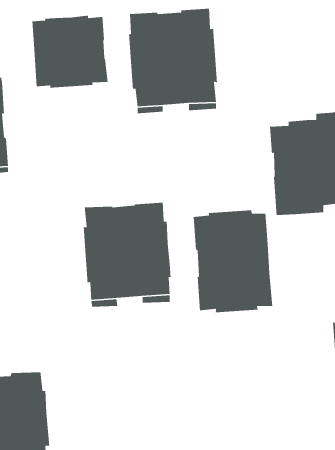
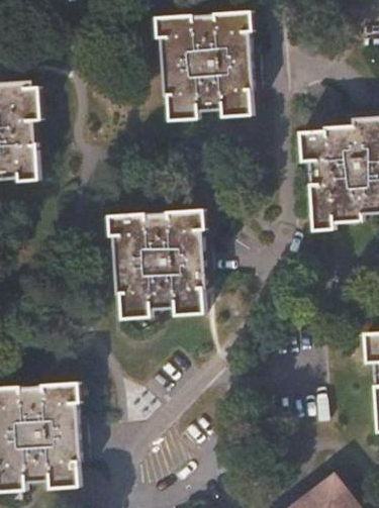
building: [31,15,108,89] -> none
building: [193,210,273,313] -> none

